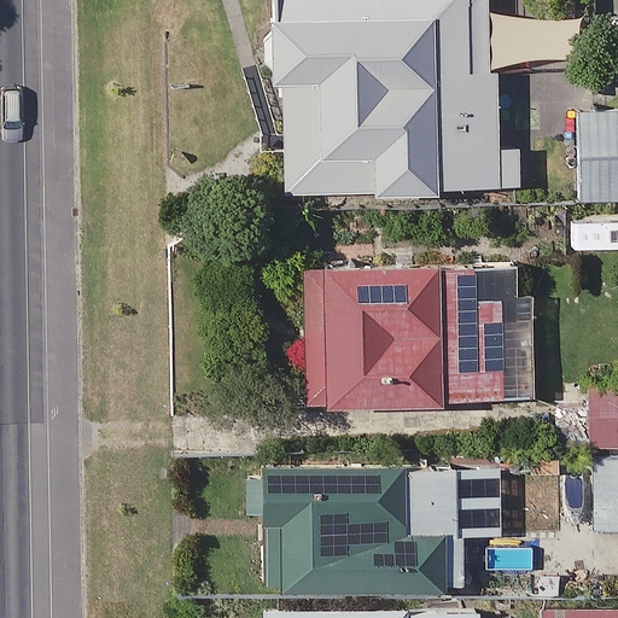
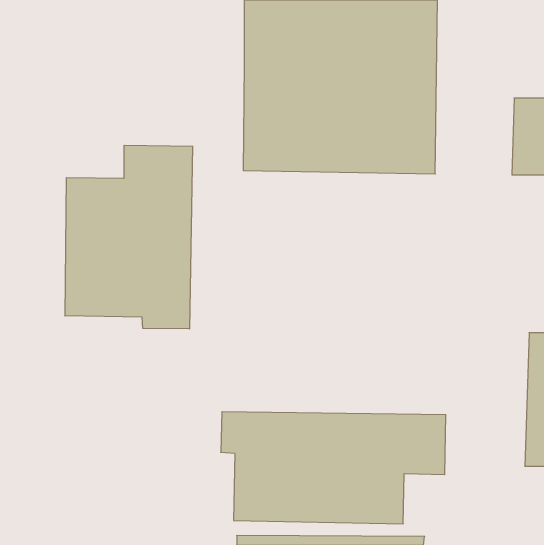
building: none -> [65,145,193,329]
building: [308,270,535,410] -> none

